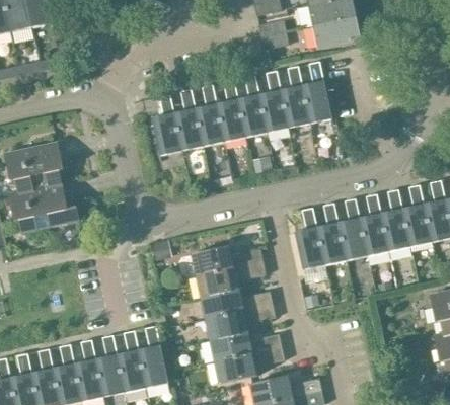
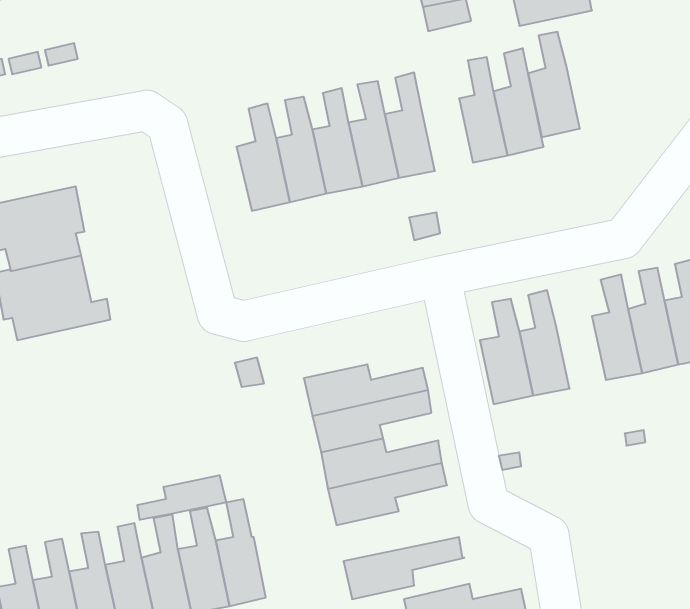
building: [259,71,290,133] -> [528,32,580,137]
building: [339,198,368,260] -> none
building: none -> [137,475,226,520]
building: [210,332,282,361] -> none

